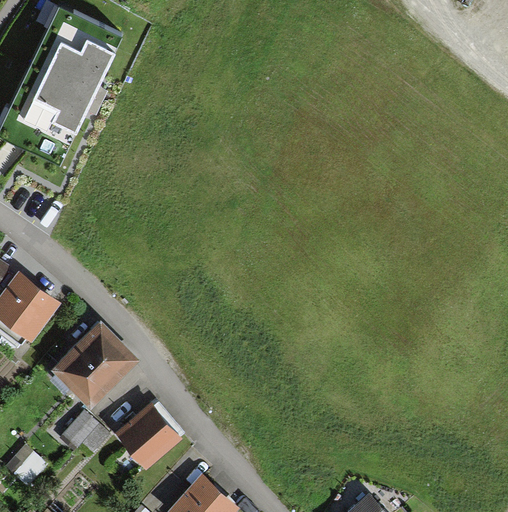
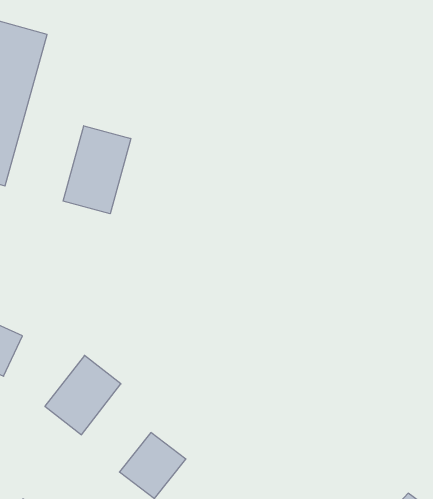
building: none -> [63,126,131,214]
building: [67,411,110,447] -> none

